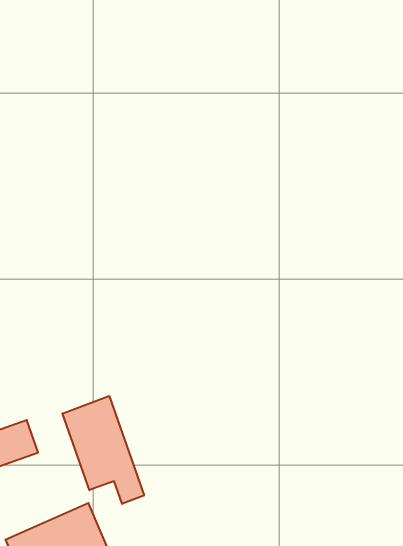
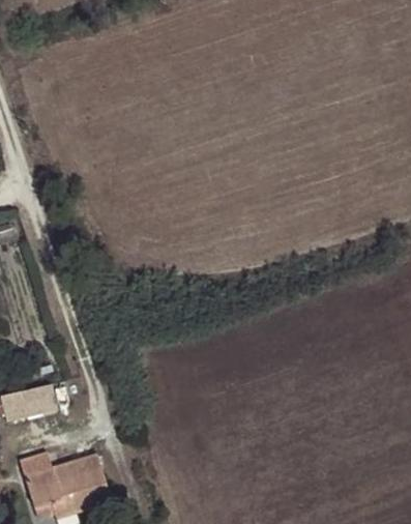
building: [62,396,144,504] -> none

